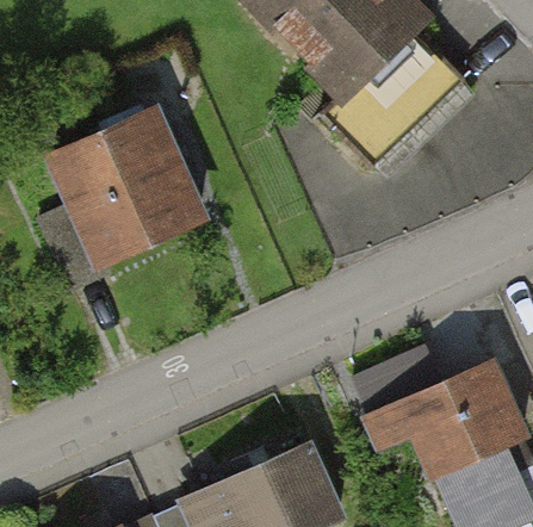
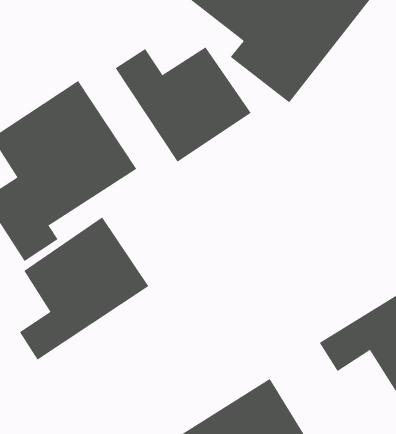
building: none -> [115,46,251,163]
building: none -> [19,217,149,361]

